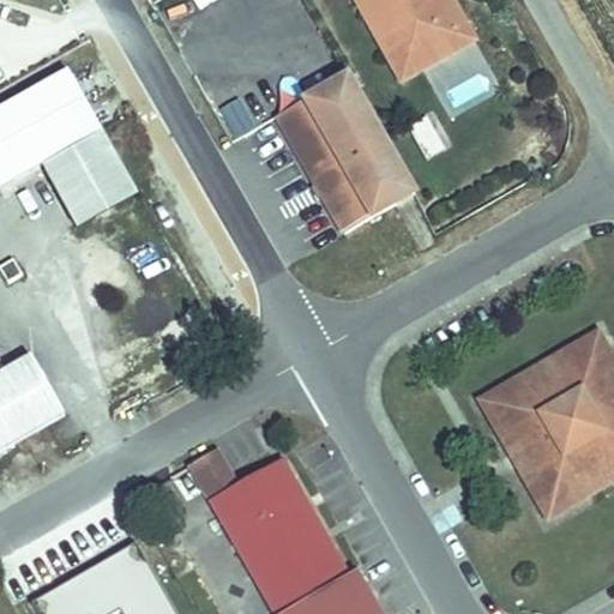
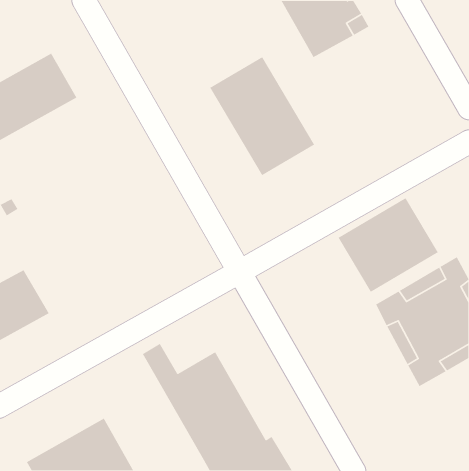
building: [43,127,139,228] -> none
building: none -> [338,197,439,293]

